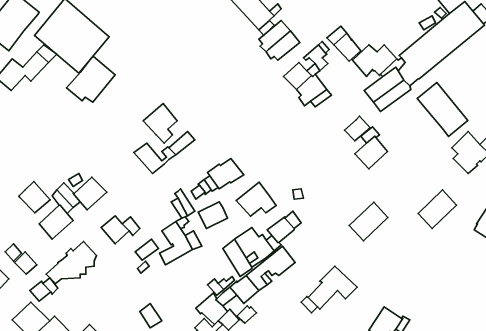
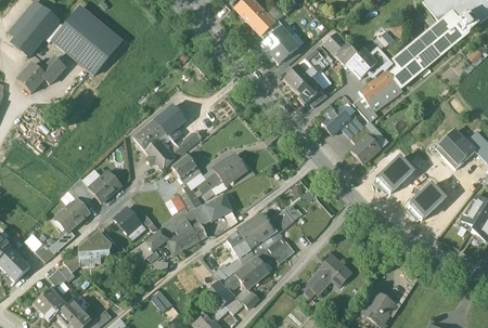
building: [66,57,115,102] -> none
building: [417,83,468,136] -> none
building: none -> [322,106,351,135]
building: none -> [134,119,166,148]
building: none -> [171,152,201,182]
building: [19,182,50,213] -> none
building: [236,182,276,216] -> none
building: [349,202,388,241] -> [377,156,413,192]

